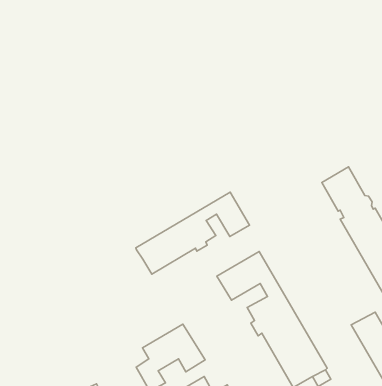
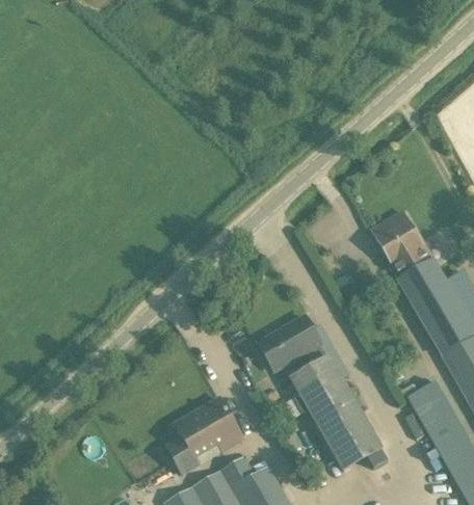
building: [136,192,250,274] -> none

